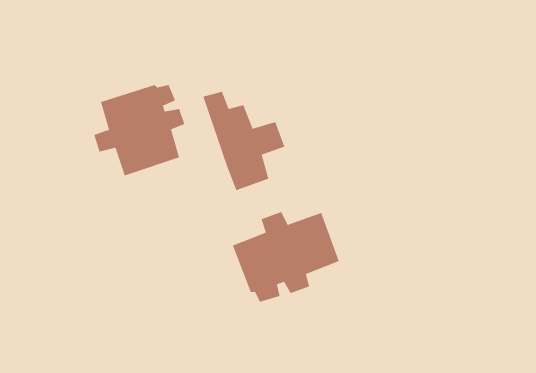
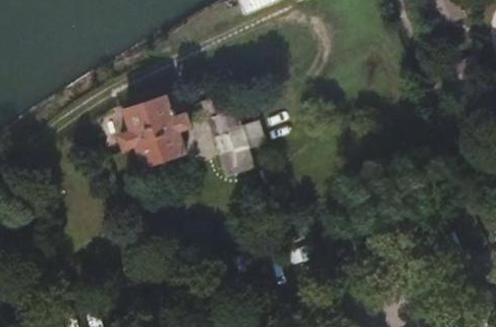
building: [232,211,339,302] -> none

